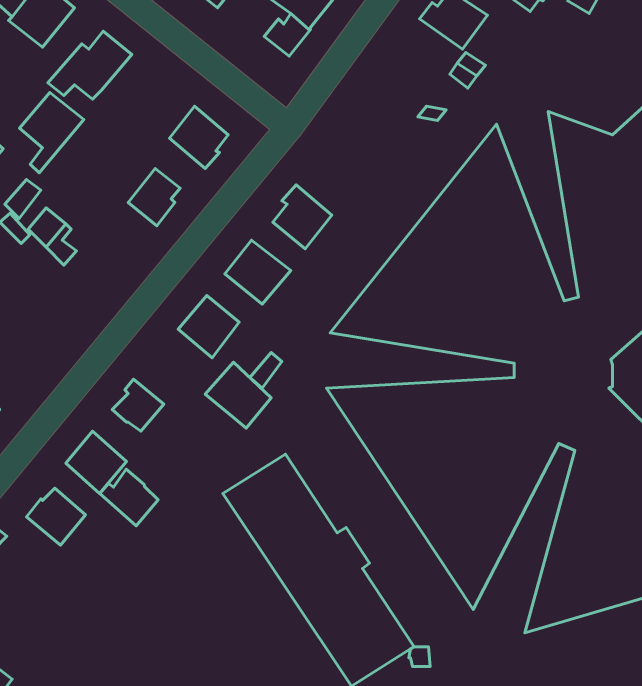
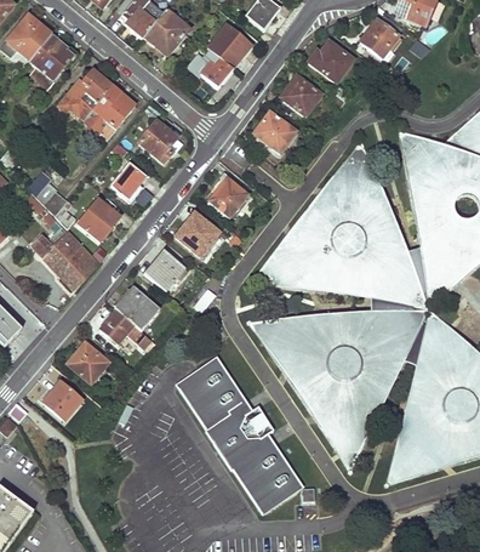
building: none -> [284,76,322,116]
building: [19,93,84,173] -> [93,86,137,141]
building: none -> [255,113,296,153]
building: none -> [79,200,120,243]
building: none -> [32,233,97,291]
building: [205,362,271,428] -> [115,285,160,330]
building: [100,469,158,526] -> none

